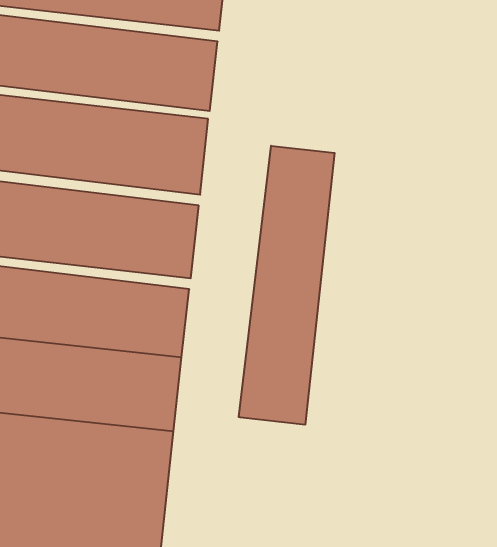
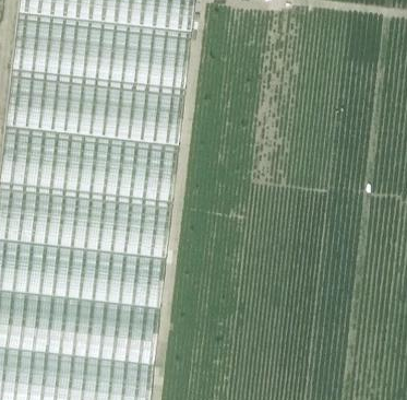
building: [239,146,335,425] -> none

